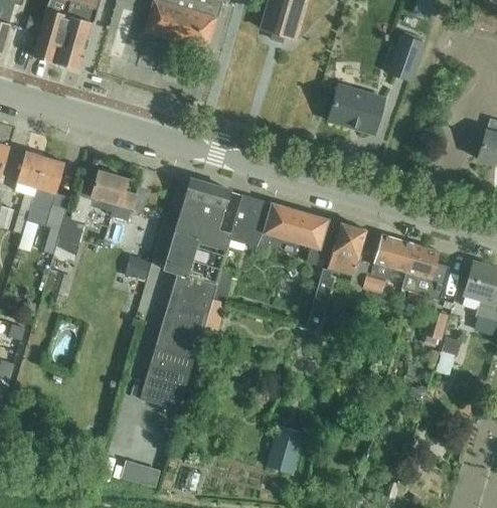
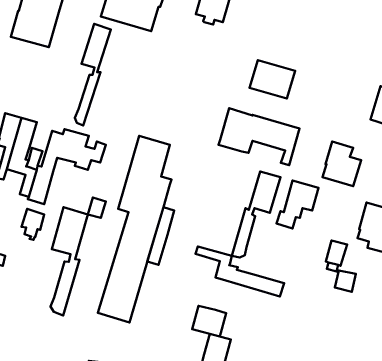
building: [387,34,423,80] -> none
building: none -> [75,24,111,126]
building: [228,194,329,265] -> [218,108,300,165]
building: [400,243,449,299] -> [322,141,361,186]
building: none -> [51,207,88,315]
building: none -> [195,246,284,296]
building: none -> [192,306,226,337]

